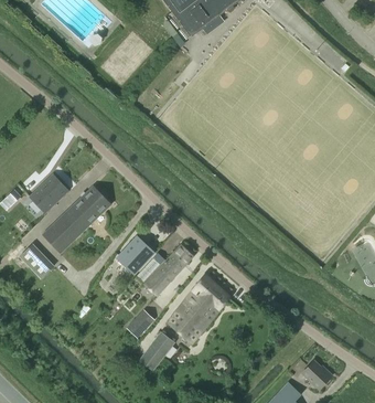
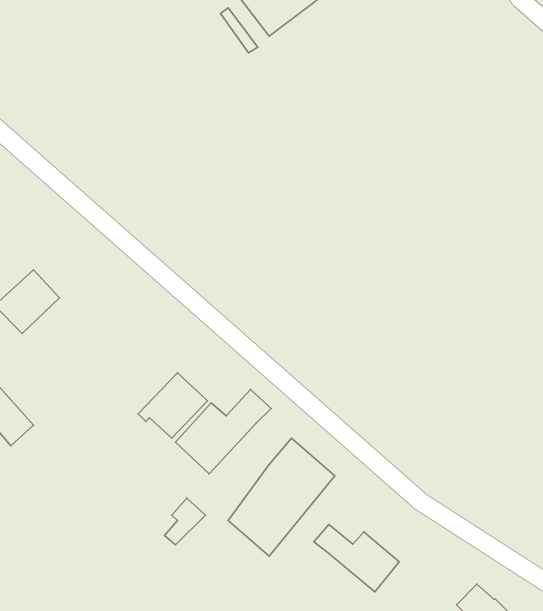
building: [43,185,111,253] -> none
building: none -> [314,524,399,592]
building: [139,331,175,370] -> none

